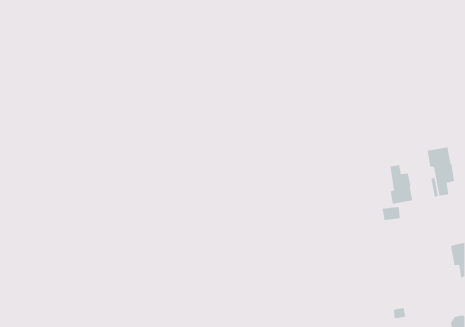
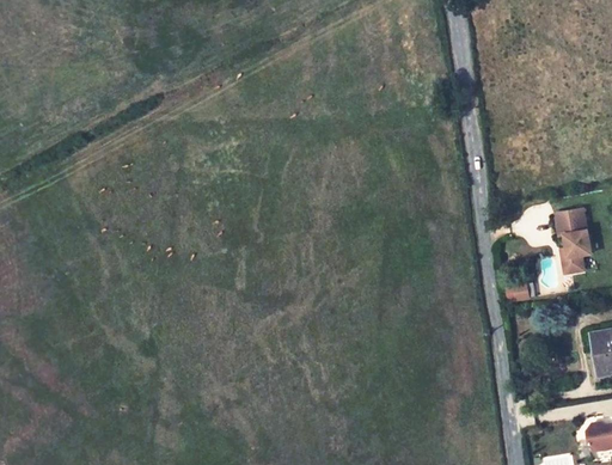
building: [390,164,413,204] -> none

